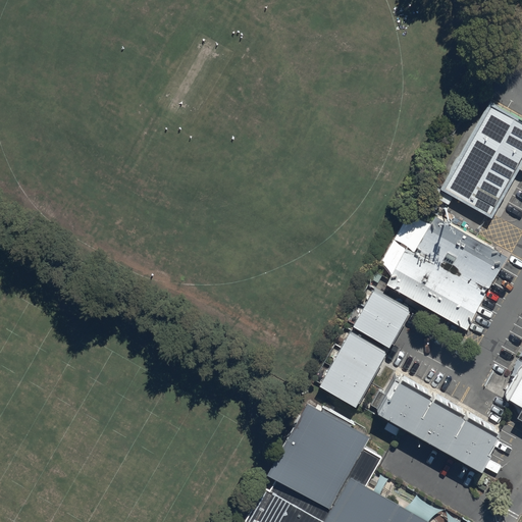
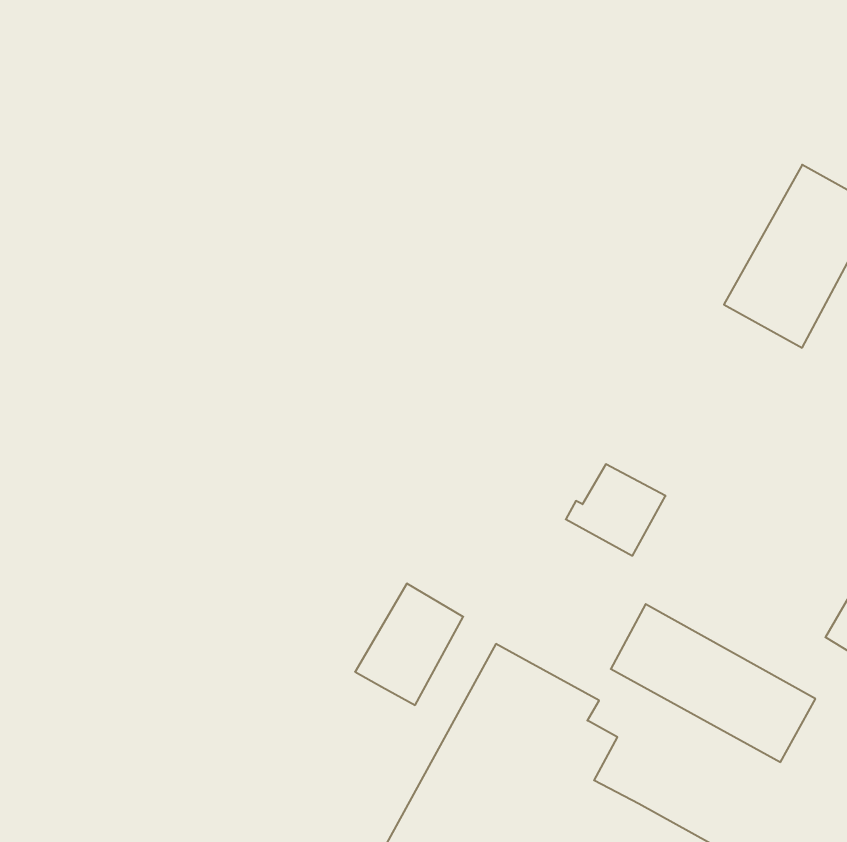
building: [379,210,509,332] -> none
building: [319,331,385,406] -> [355,584,463,705]

